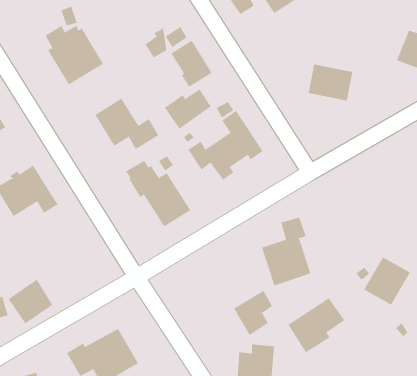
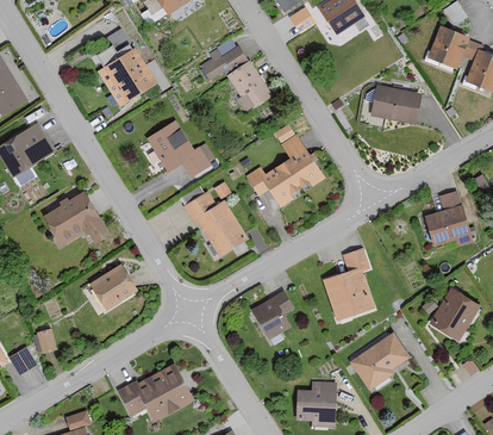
building: none -> [428,26,469,70]
building: [164,89,211,129] -> none
building: none -> [425,192,472,247]
building: [8,279,53,324] -> [89,263,137,311]
building: [233,290,273,336] -> [251,291,293,338]

